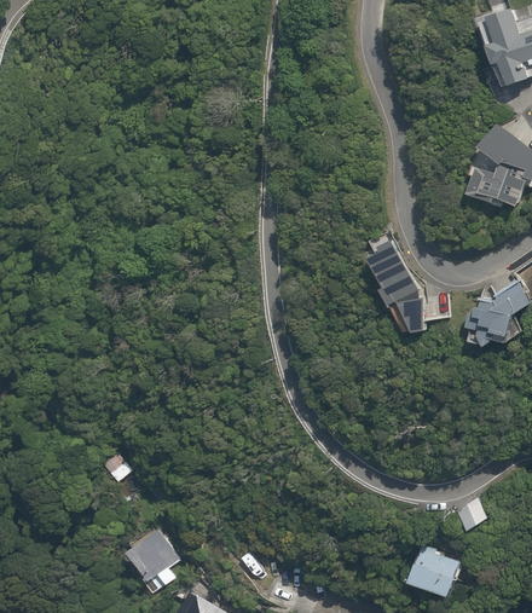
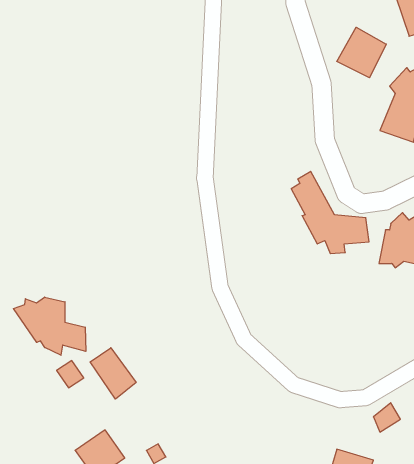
building: none -> [337,27,386,78]
building: none -> [13,297,86,355]
building: none -> [90,348,136,399]

